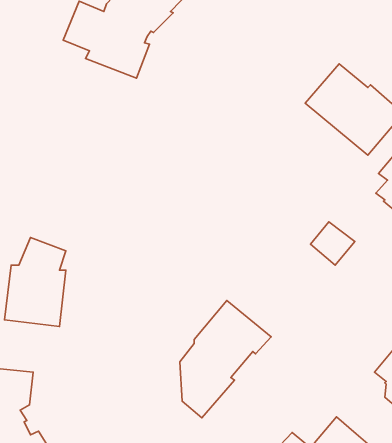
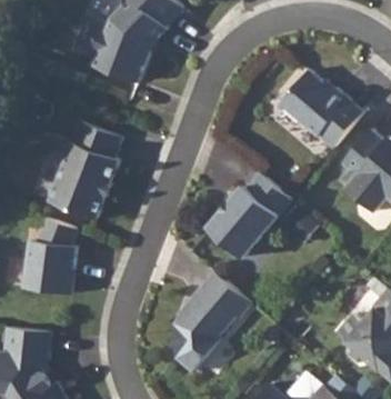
building: none -> [43,122,121,219]
building: none -> [209,173,292,257]

